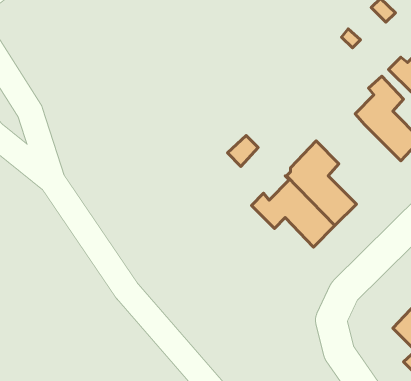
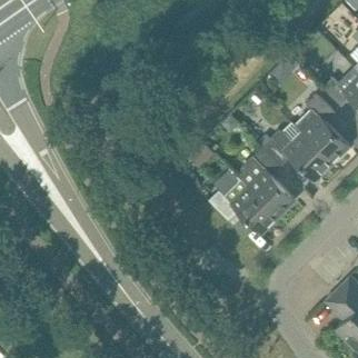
building: none -> [259,128,332,180]

